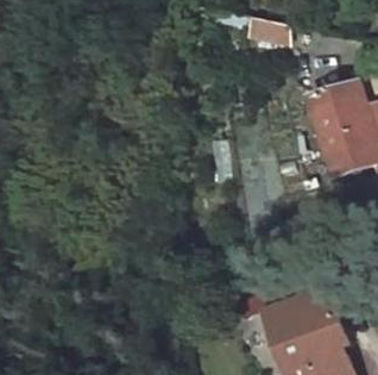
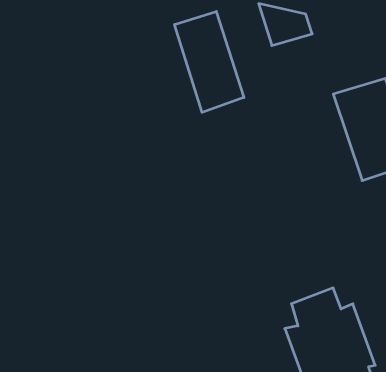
building: none -> [175,11,244,112]

